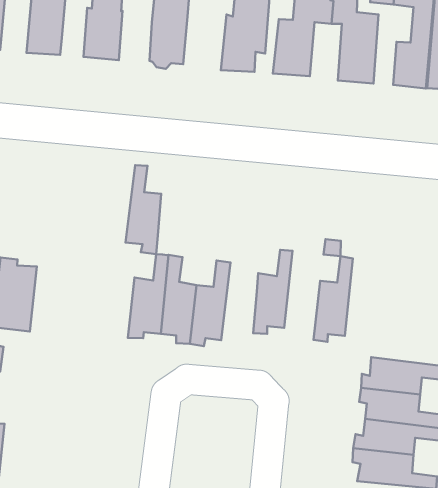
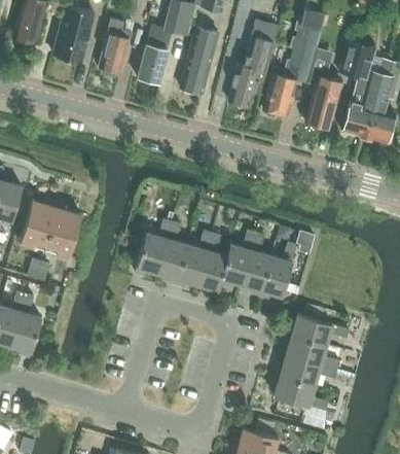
building: [126,165,161,254] -> [197,233,227,295]
building: none -> [242,232,271,294]

